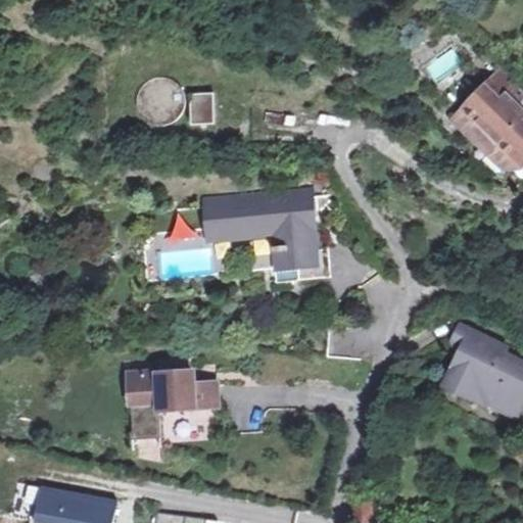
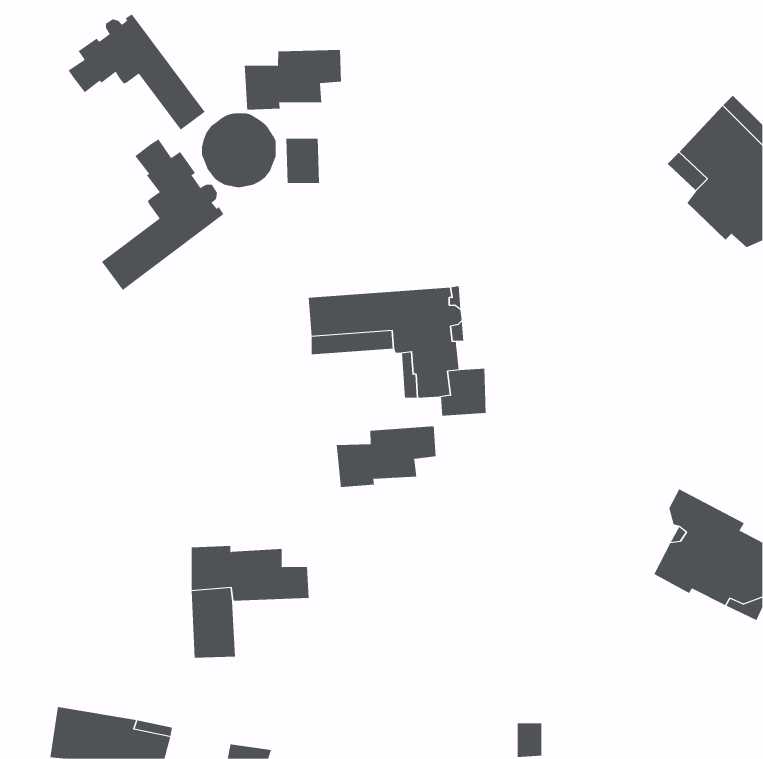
building: none -> [68,14,206,131]
building: none -> [244,49,341,110]
building: none -> [101,138,224,291]
building: none -> [336,425,436,488]

